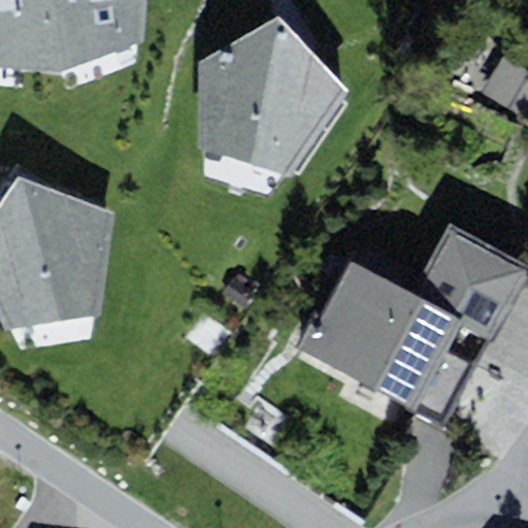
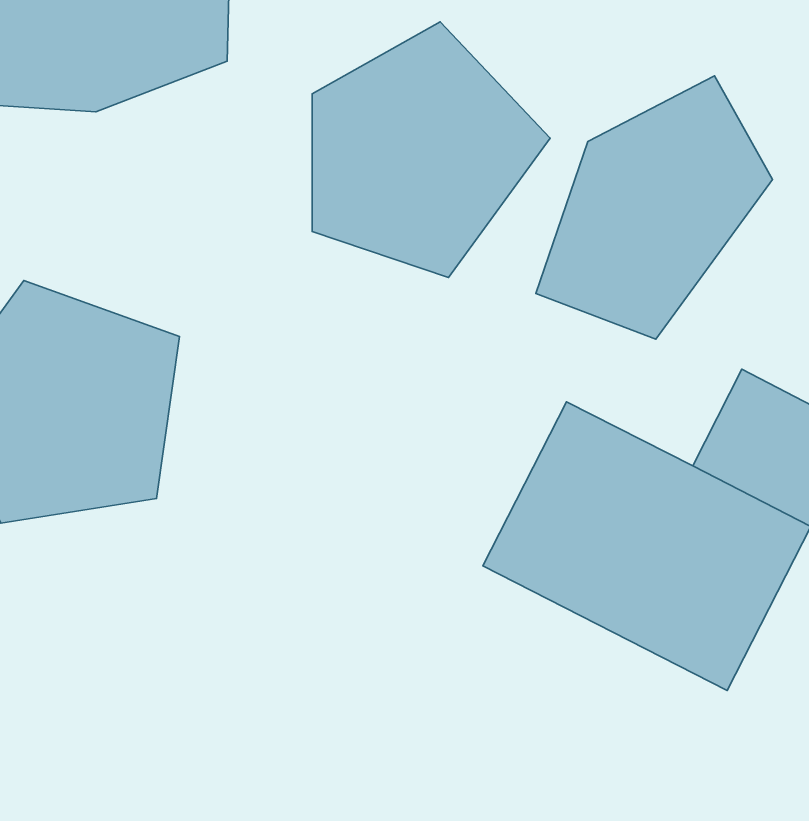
building: none -> [536,76,773,339]

